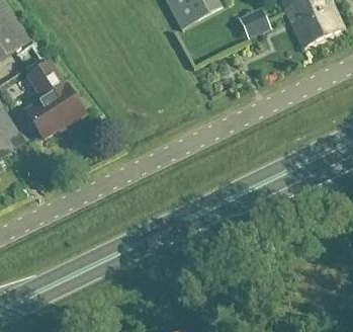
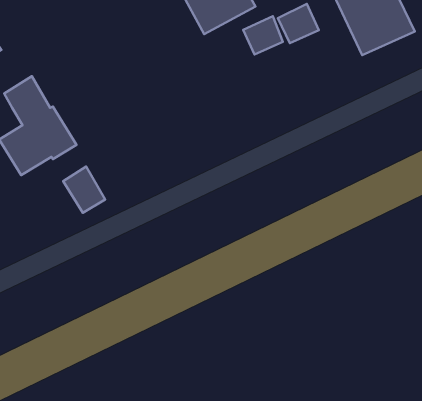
building: none -> [243,16,283,55]
building: none -> [63,167,105,213]

